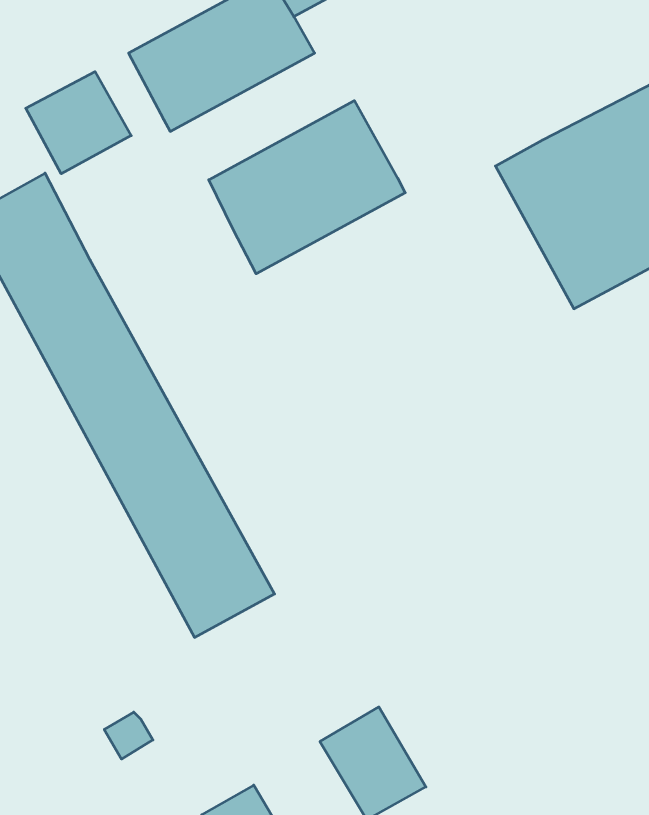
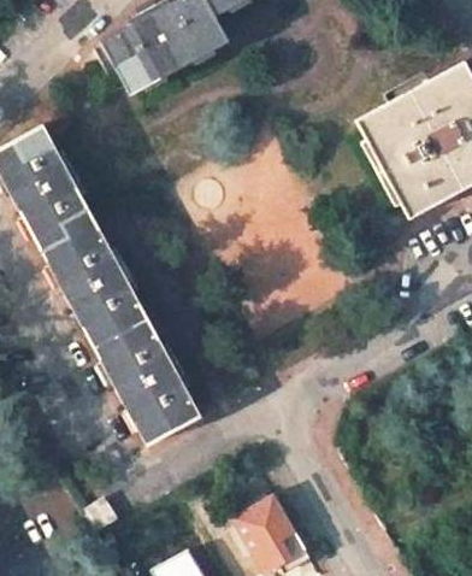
building: [26,72,131,174] -> none
building: [209,101,405,274] -> none

